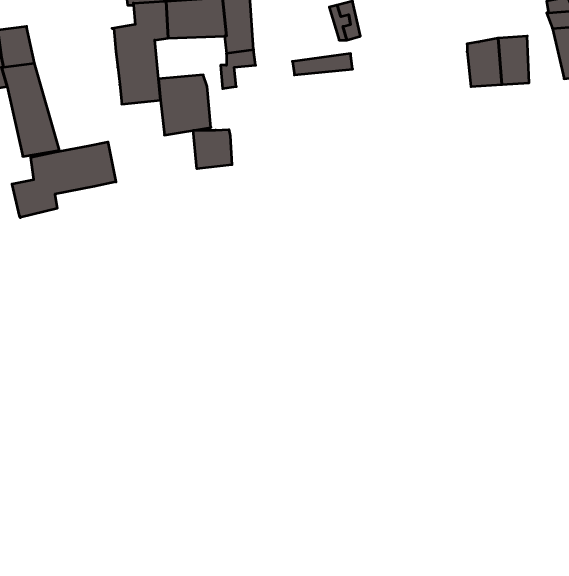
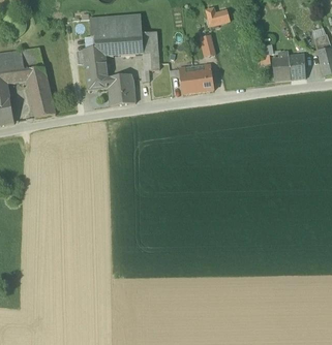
building: none -> [180,71,214,94]
building: [193,130,232,169] -> none
building: [12,142,116,218] -> none

